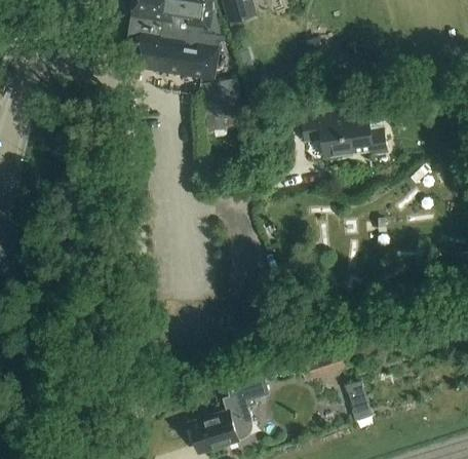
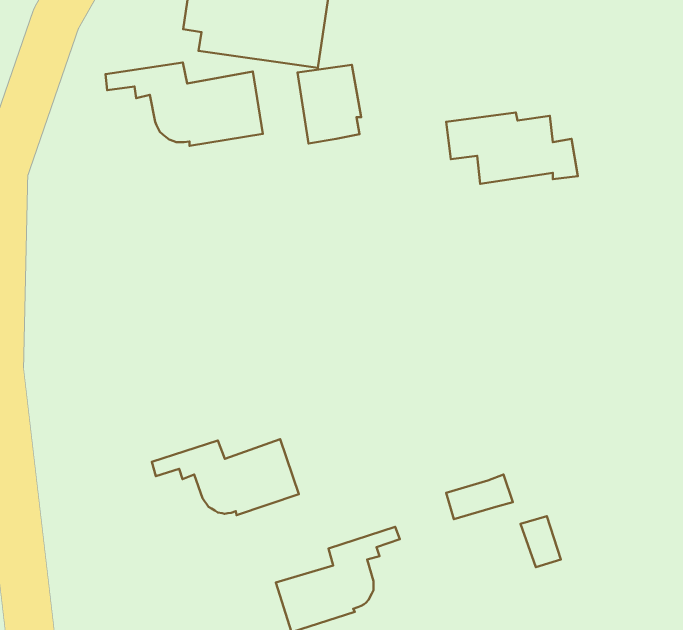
building: none -> [105,63,263,146]
building: none -> [152,439,299,515]

